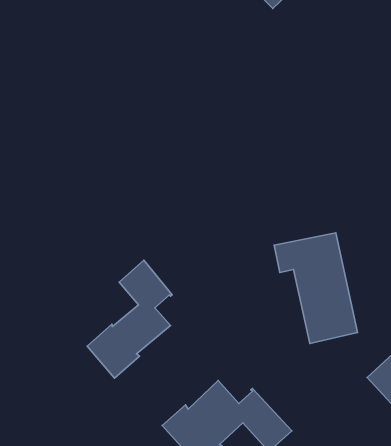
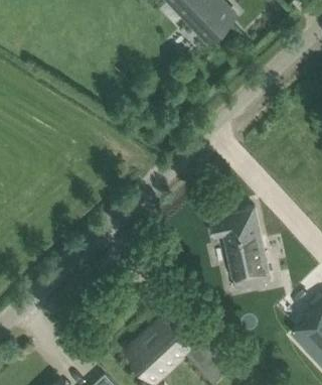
building: [87,260,172,378] -> none

